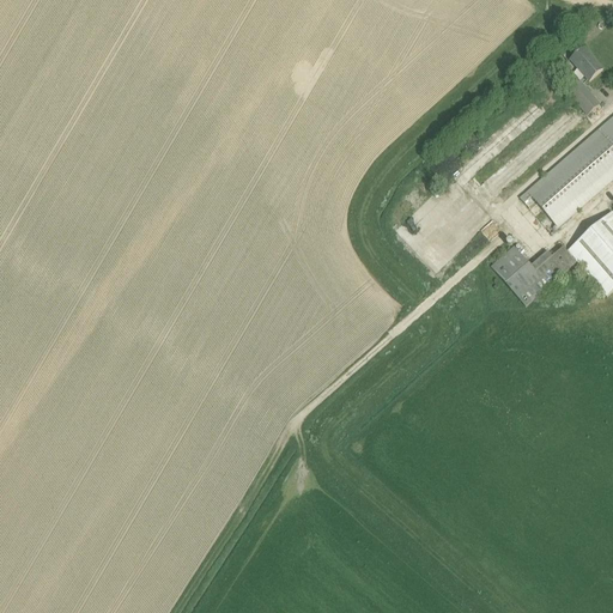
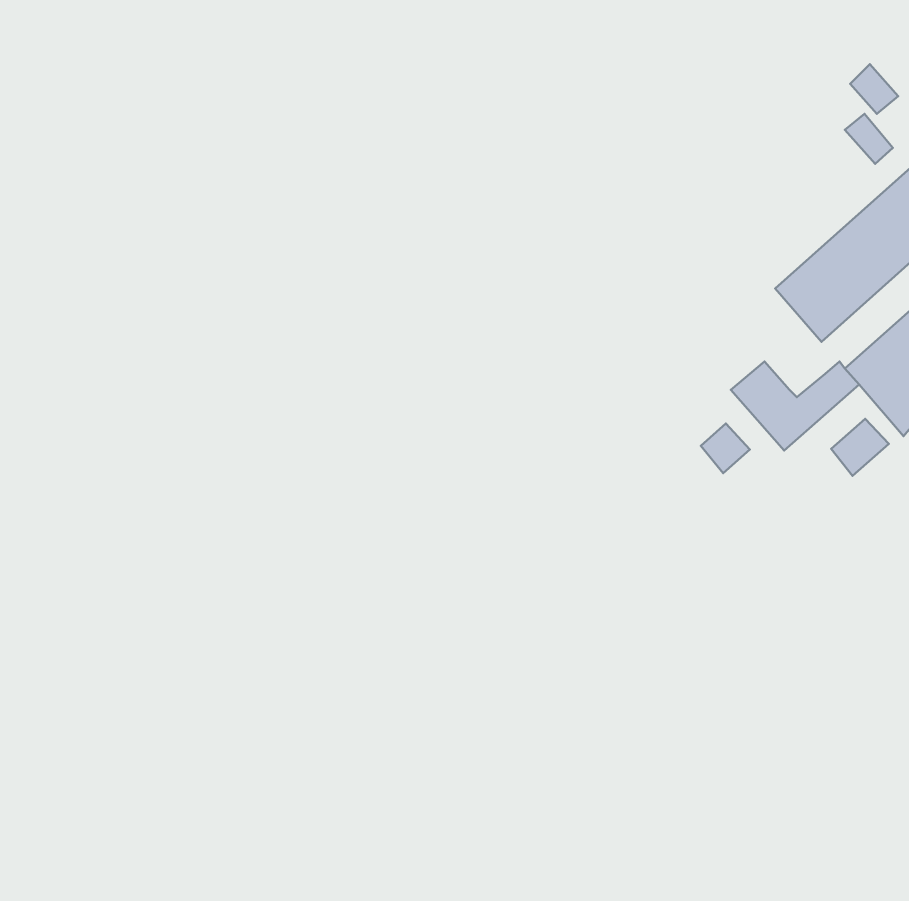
building: none -> [831,419,889,476]
building: none -> [701,423,750,473]

